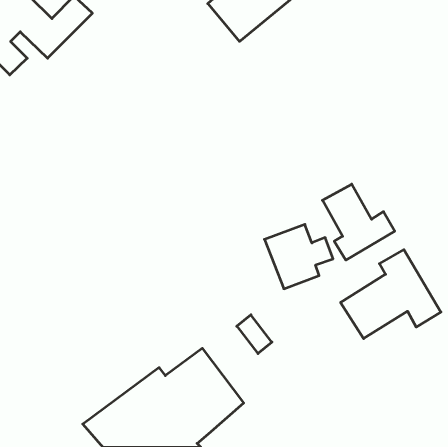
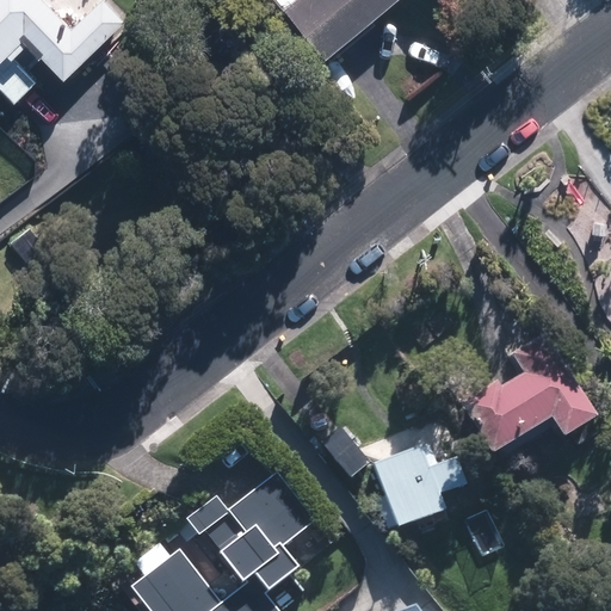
building: [322,184,395,260] -> none
building: [264,224,333,289] -> [374,443,467,530]

